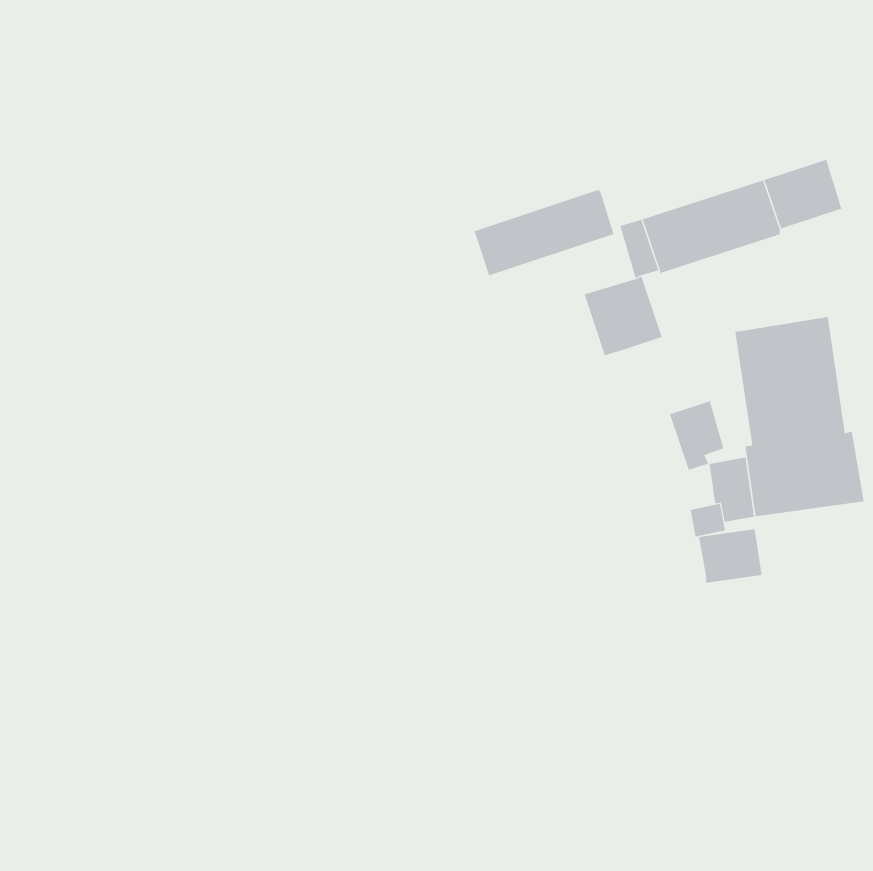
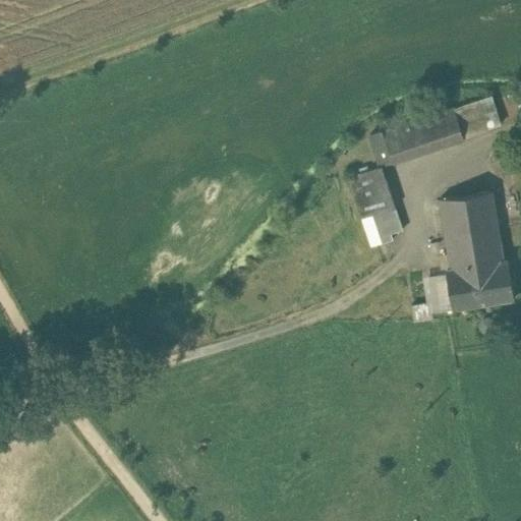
building: [473,189,614,276] -> none
building: [669,400,724,471] -> [370,202,403,244]
building: [698,528,762,583] -> none

